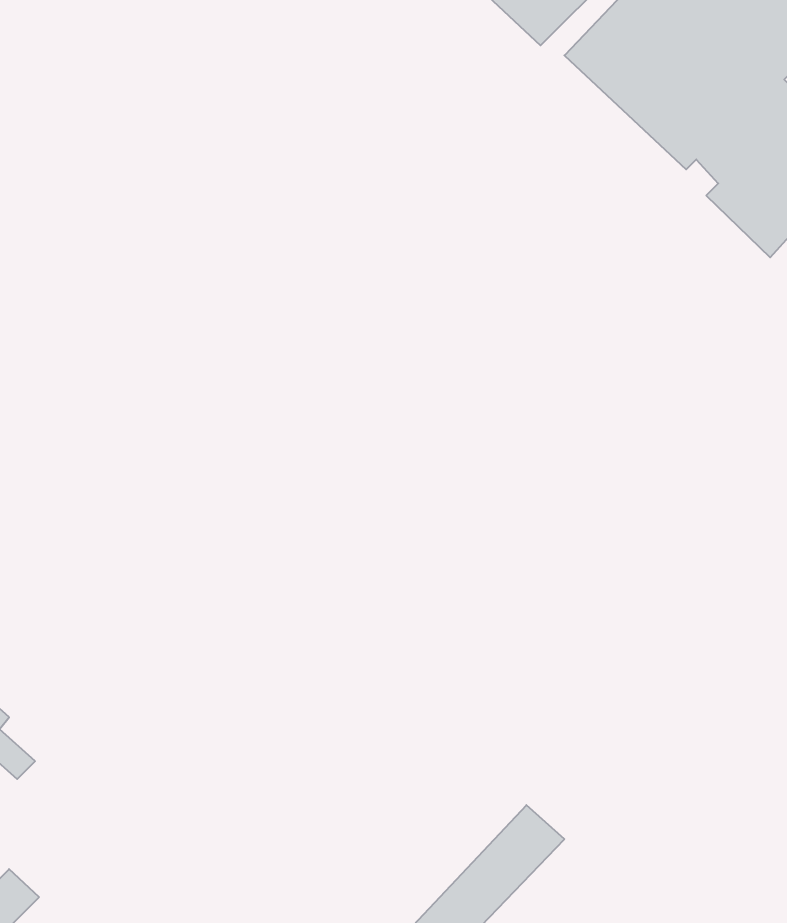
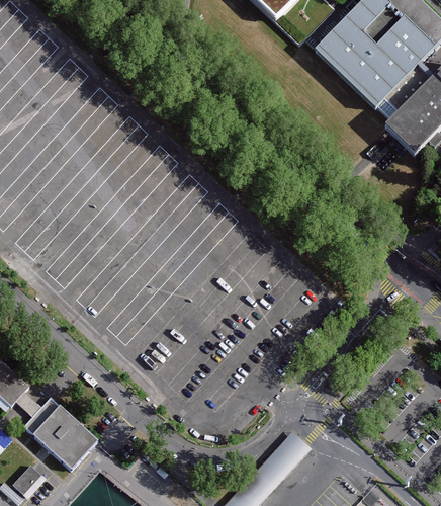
building: none -> [34,406,98,469]

